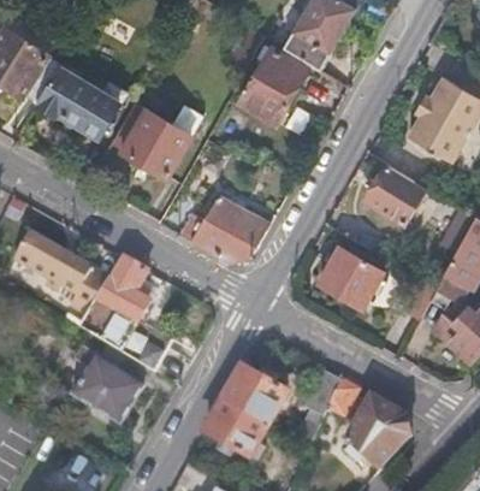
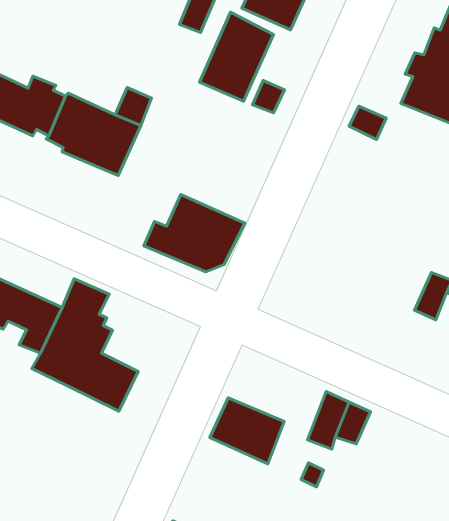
building: [366,165,423,223] -> none
building: [319,246,384,307] -> none
building: [69,344,149,421] -> none
building: [346,397,410,468] -> none
building: [206,398,268,455] -> none

